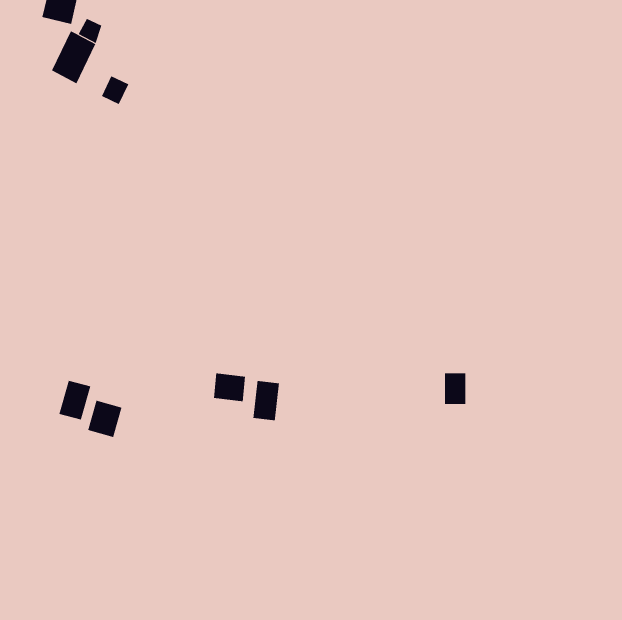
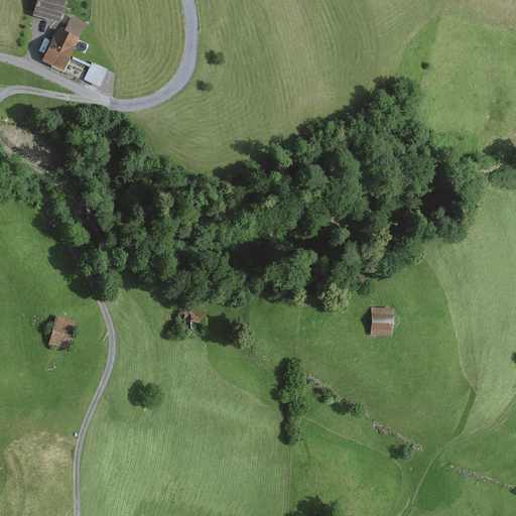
building: [253,380,280,421] -> none
building: [88,400,122,438] -> none

